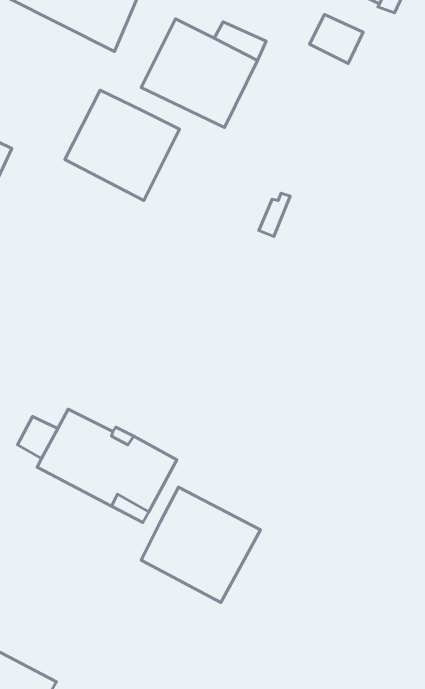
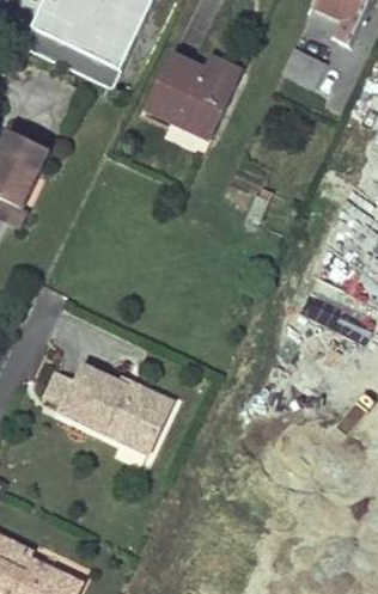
building: [65,90,180,200] -> none
building: [141,487,261,602] -> none

